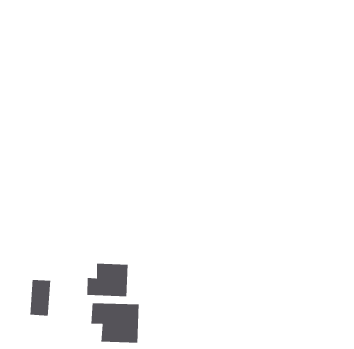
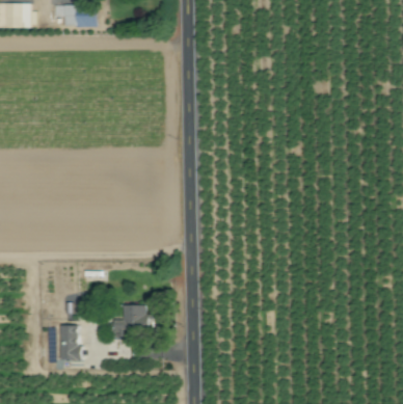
building: [91,303,140,344] -> none

